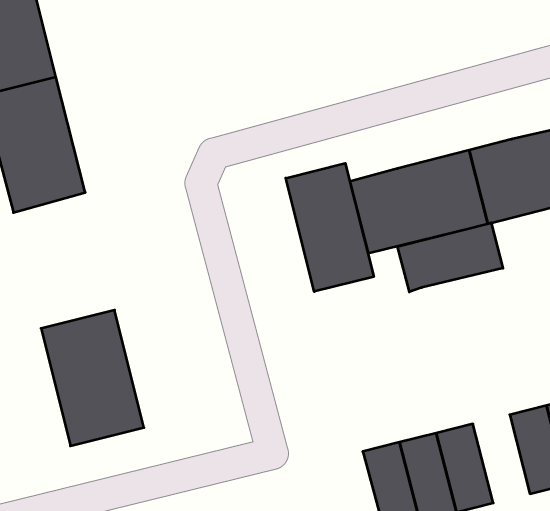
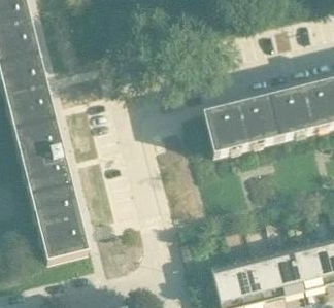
building: [286,163,374,292] -> none
building: none -> [14,118,71,195]
building: [398,223,503,292] -> none
building: none -> [272,243,304,293]

